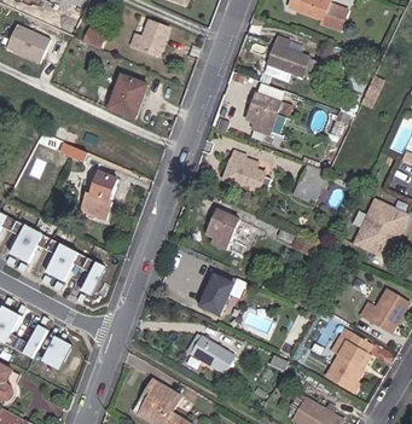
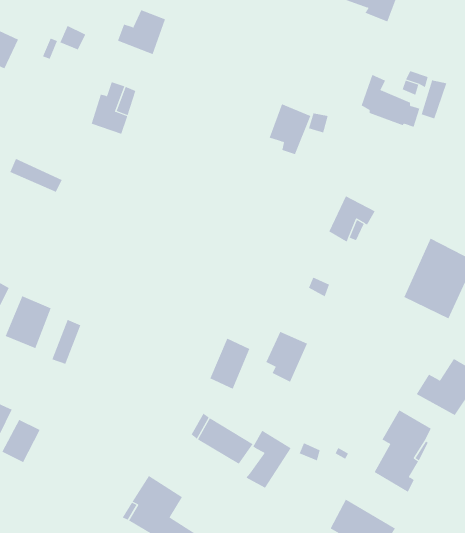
building: [269,34,315,75] -> [361,74,420,127]
building: [224,150,263,190] -> none
building: [79,169,116,217] -> none
building: [205,208,238,248] -> [266,331,308,383]
building: none -> [246,430,292,488]

